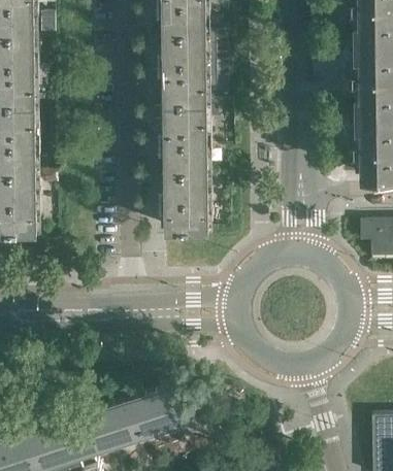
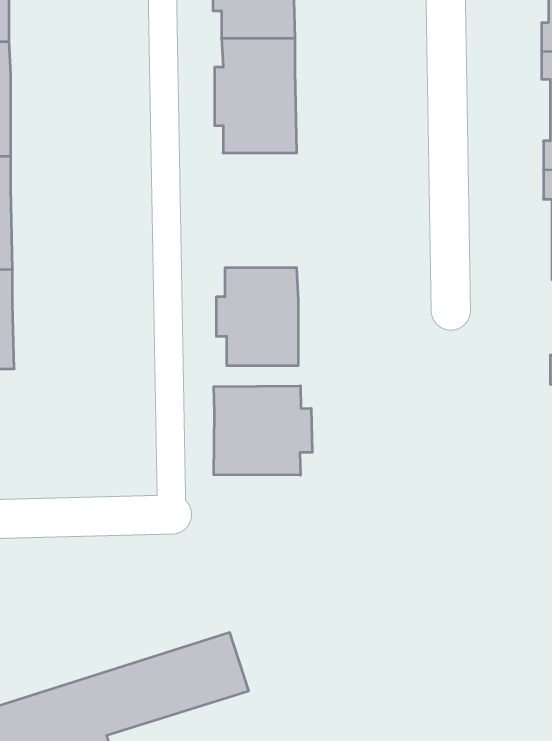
building: [158,102,207,171] -> none
building: none -> [214,386,312,475]

